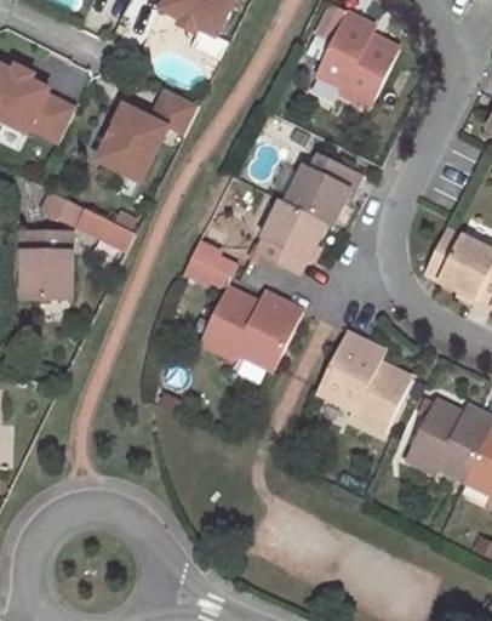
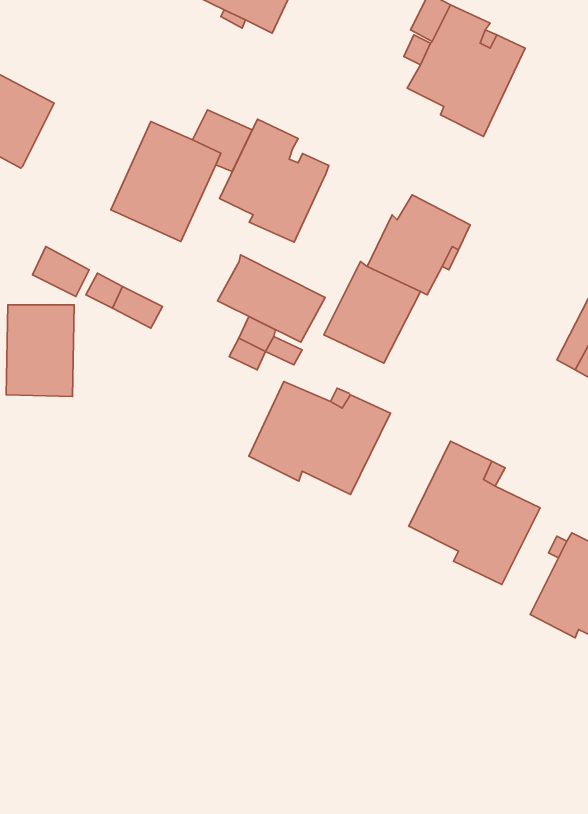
building: [34,92,80,143] -> none
building: none -> [219,119,329,242]
building: none -> [217,255,325,342]

